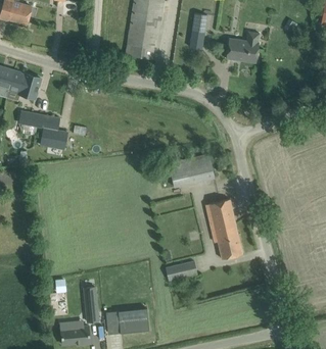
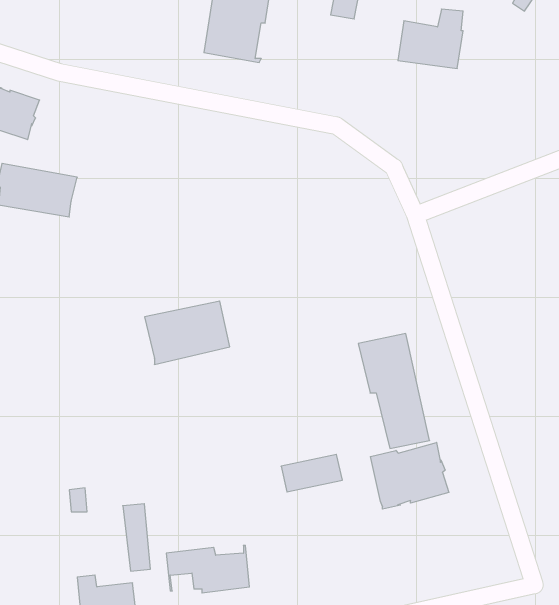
building: [170,154,214,187] -> [145,301,230,364]
building: none -> [370,442,449,509]

